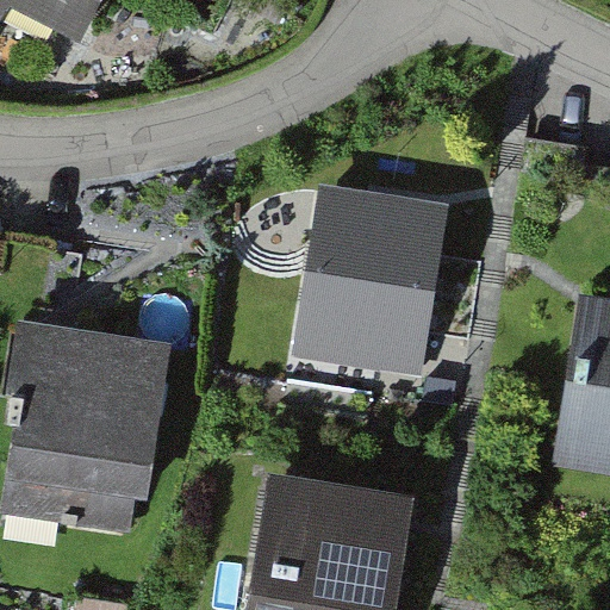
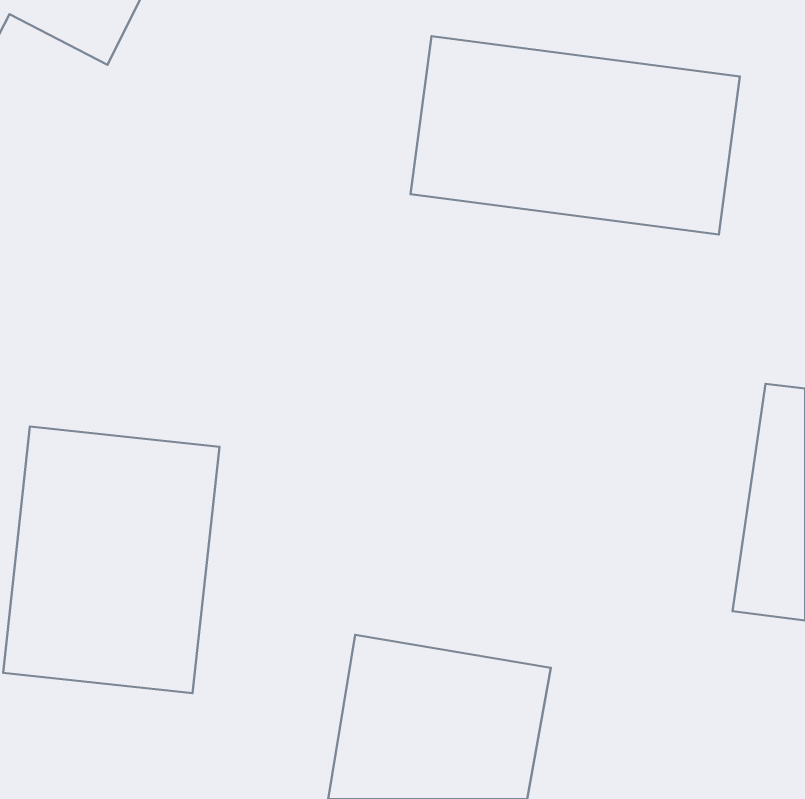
building: none -> [411,36,740,234]
building: [298,186,444,375] -> none

